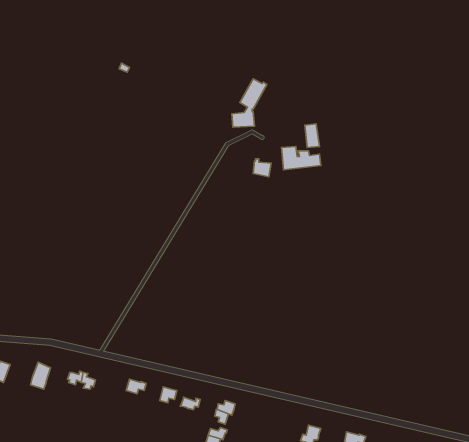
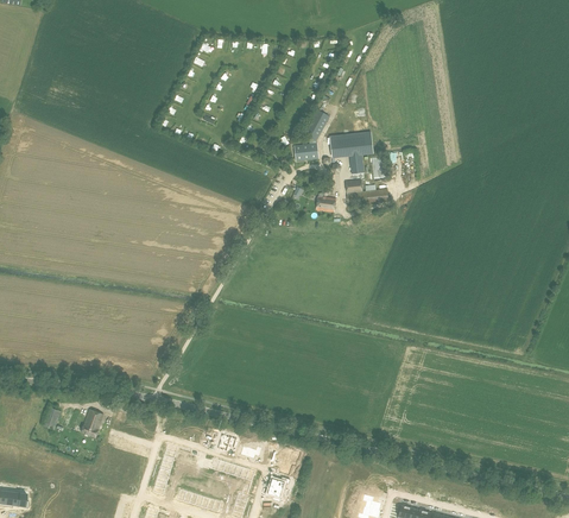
building: none -> [329,131,373,172]

